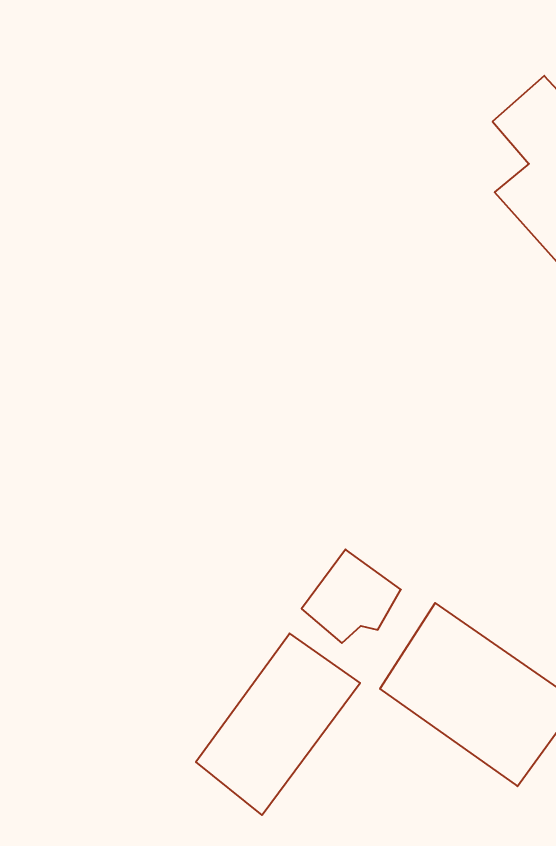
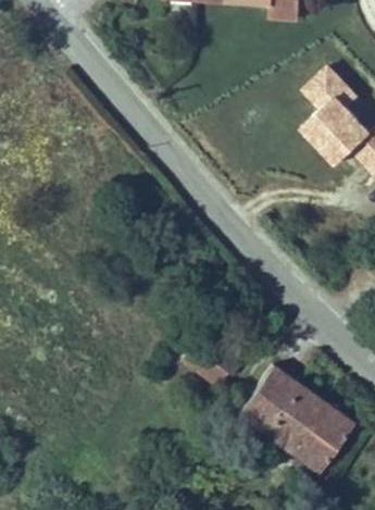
building: [196,633,360,815] -> none

